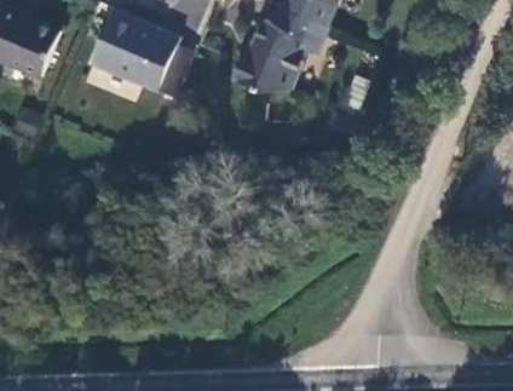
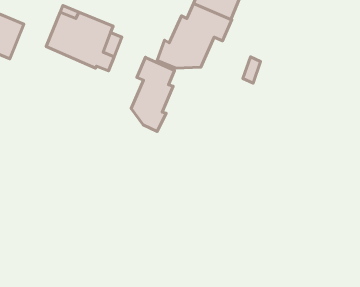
building: none -> [131,57,175,132]

